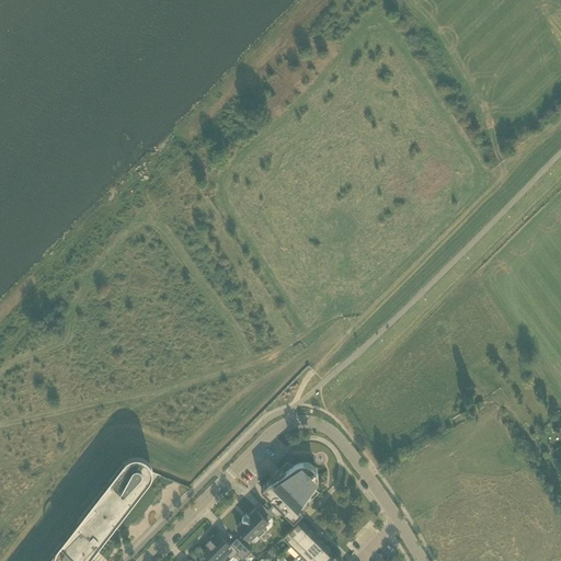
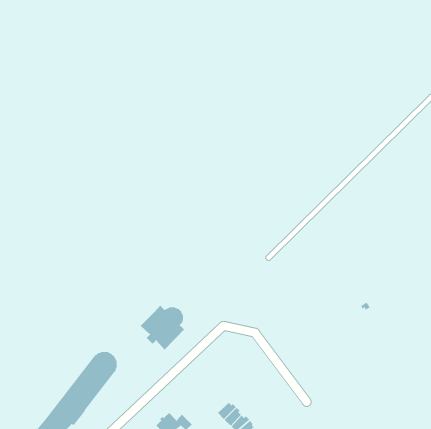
building: [260,463,318,523] -> [140,305,185,350]
building: [236,510,272,542] -> none

